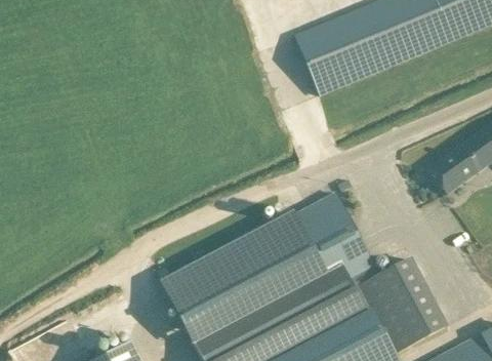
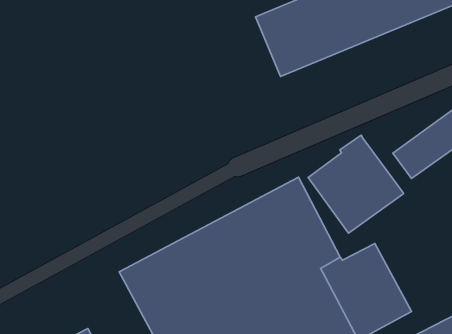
building: none -> [308,135,404,233]

